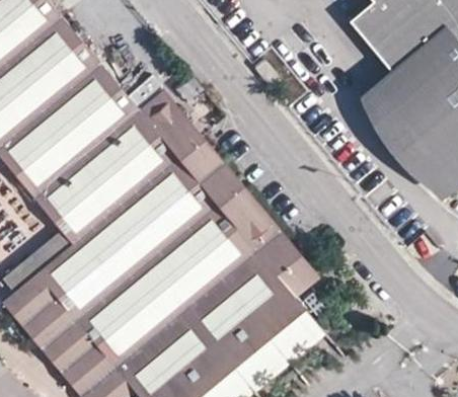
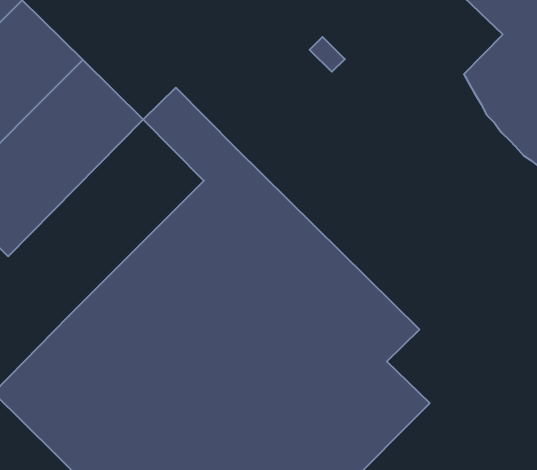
building: [28,107,172,241] -> none

